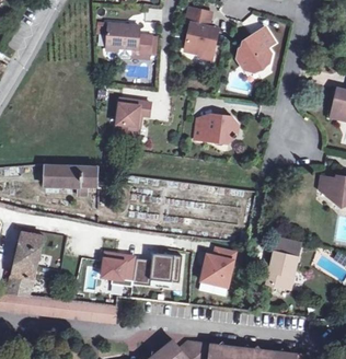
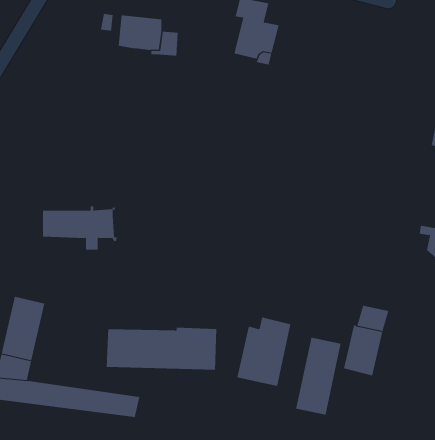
building: [238,28,276,72] -> none
building: [112,94,148,135] -> none
building: [196,112,240,142] -> none
building: none -> [295,337,341,415]

